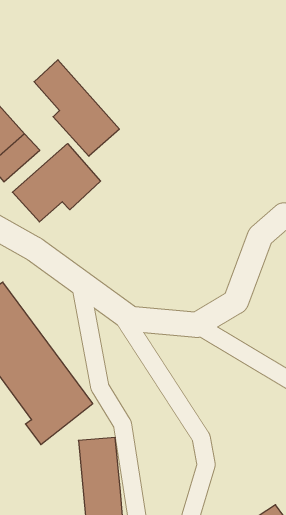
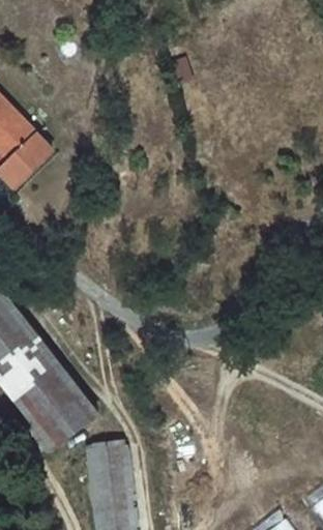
building: [34,60,119,156] -> none
building: [12,144,101,222] -> none

